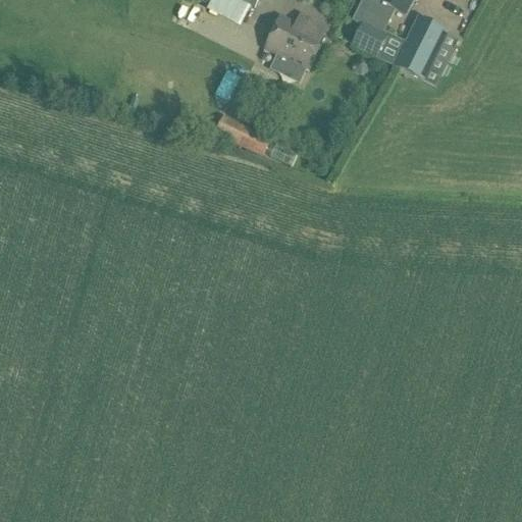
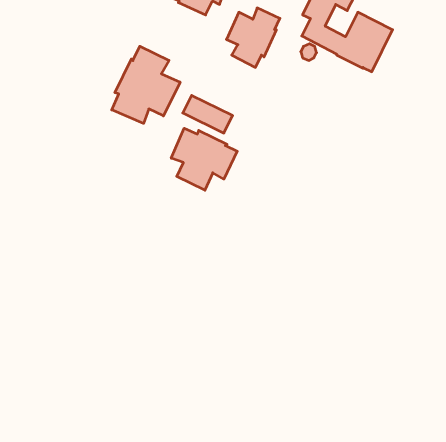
building: none -> [112,46,180,123]
building: none -> [171,128,237,190]

